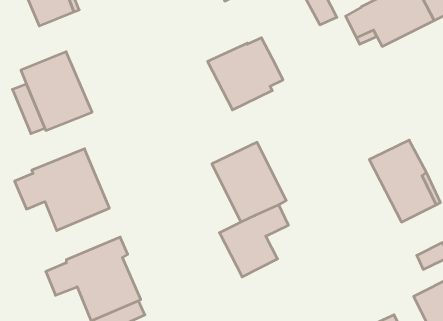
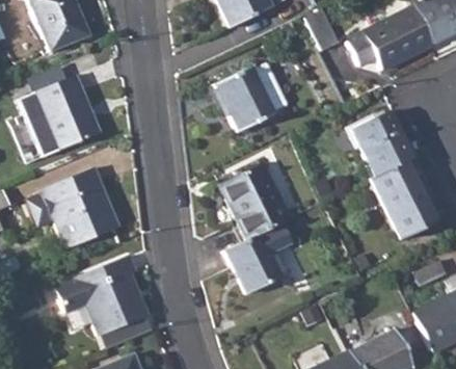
building: none -> [351,111,412,178]

